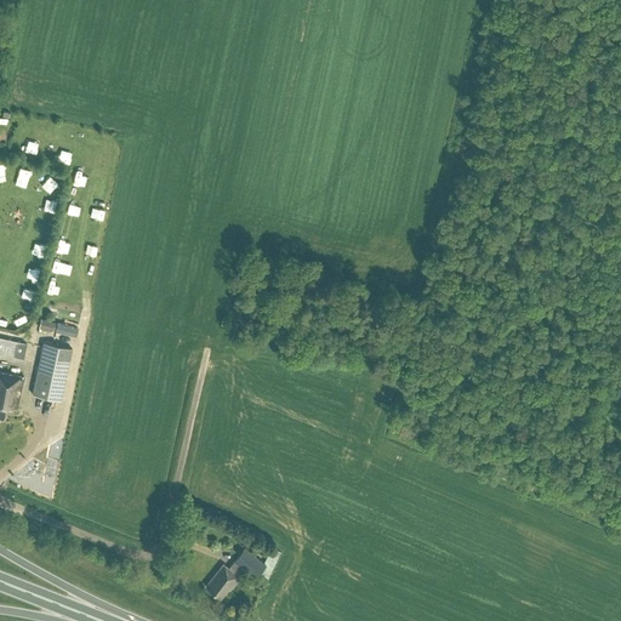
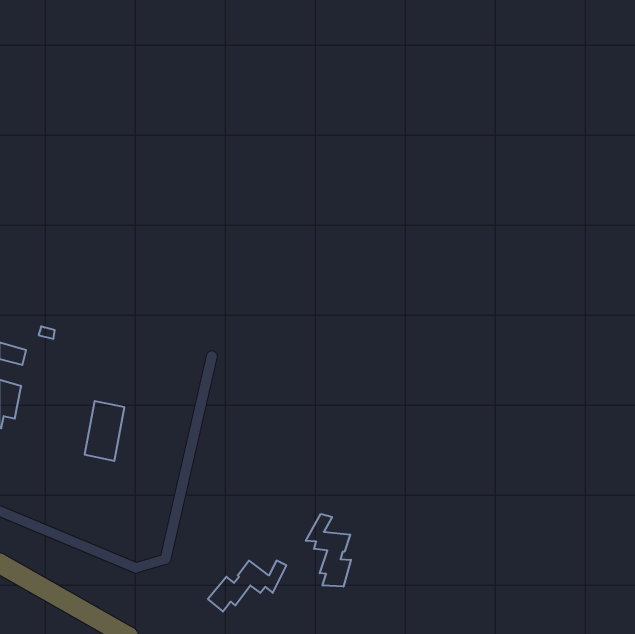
building: [32,343,70,401] -> [85,401,124,461]
building: none -> [306,514,351,587]

